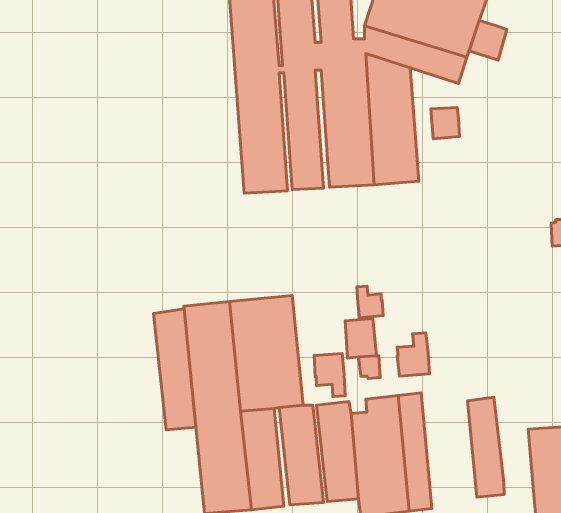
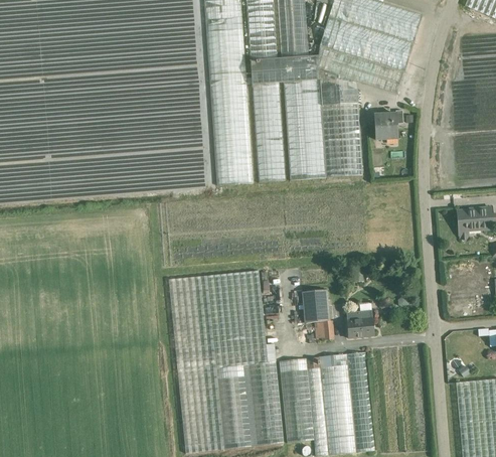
building: [469,21,507,60] -> none
building: none -> [457,209,476,237]
building: [357,286,383,318] -> none
building: [154,309,196,430] -> none
building: [314,353,345,397] -> none
building: [468,397,504,497] -> none

